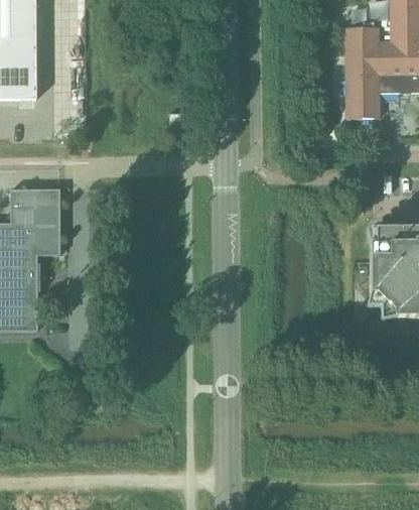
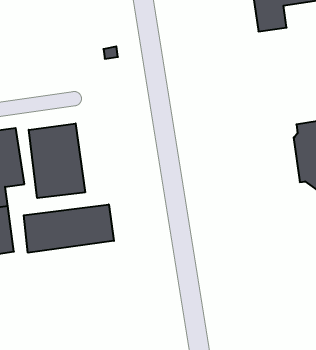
building: none -> [29,123,85,198]
building: none -> [24,204,114,253]

